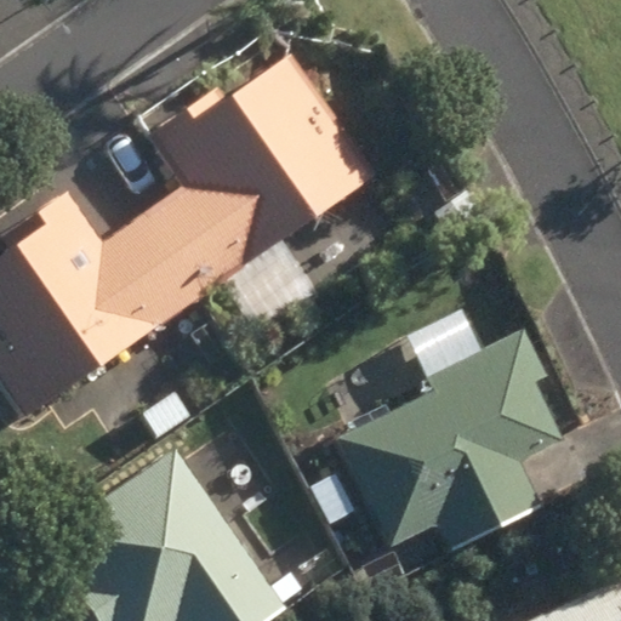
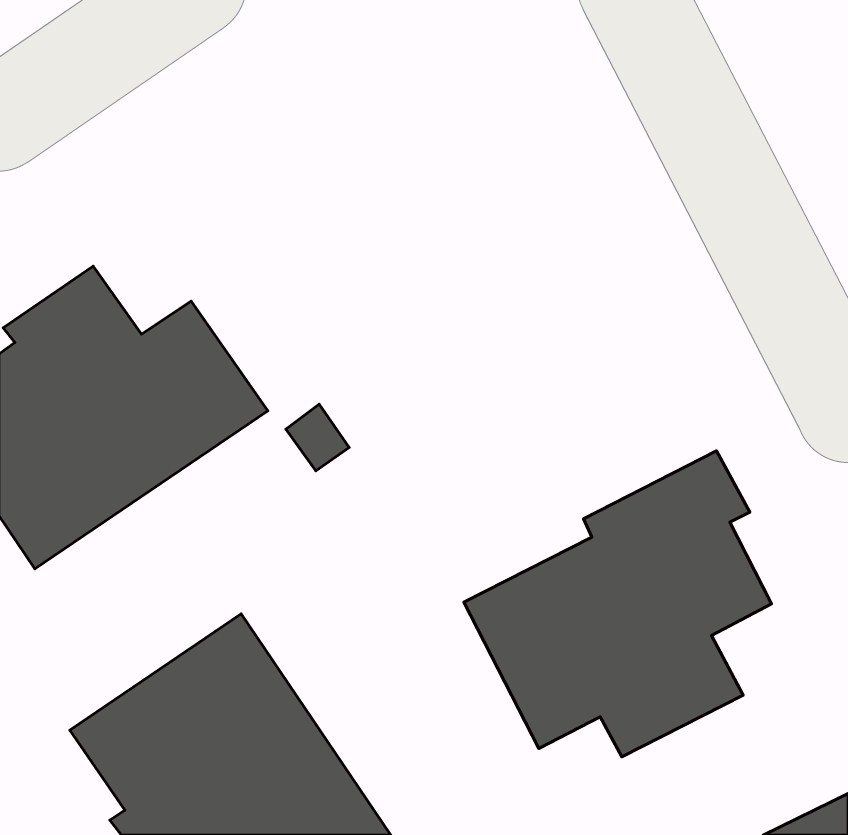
building: [139,56,372,300] -> none

